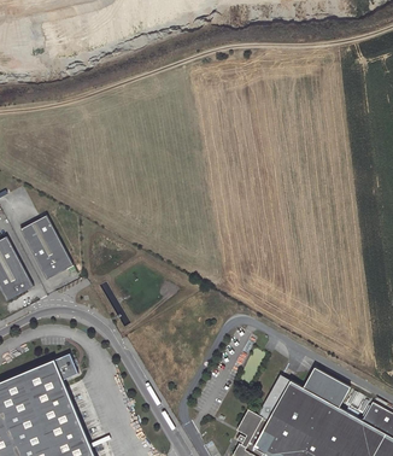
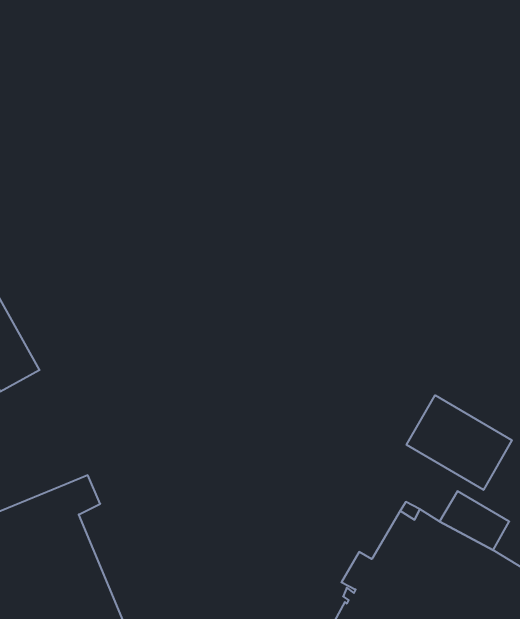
building: [20,215,74,277] -> none
building: none -> [407,395,512,490]

